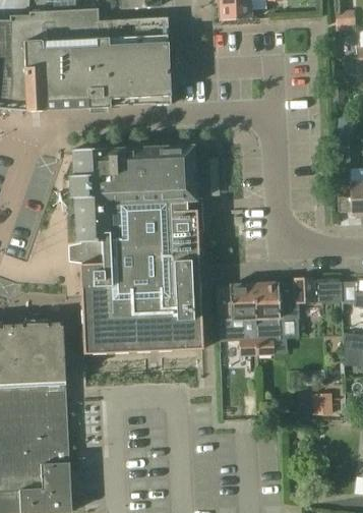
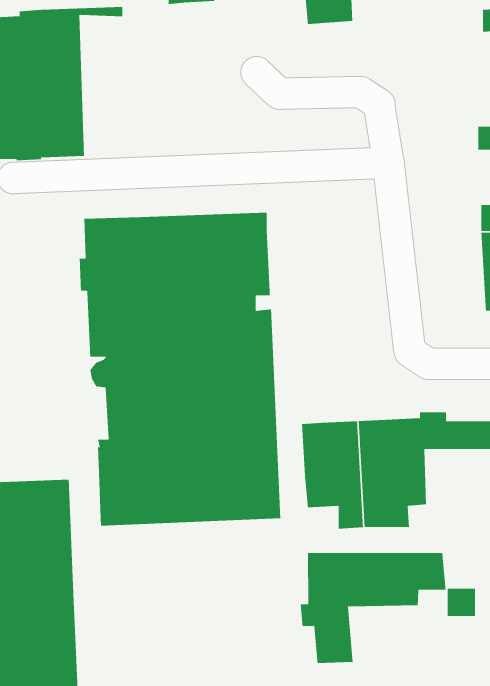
building: [69,14,170,108] -> none
building: none -> [300,552,446,664]

